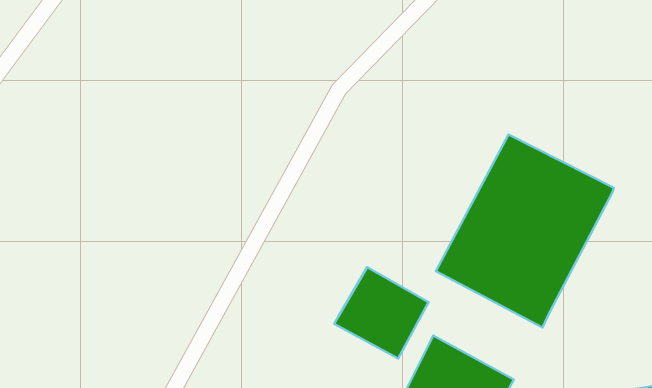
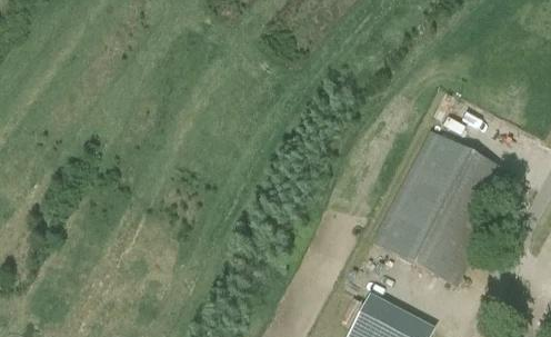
building: [334,267,429,358] -> none

